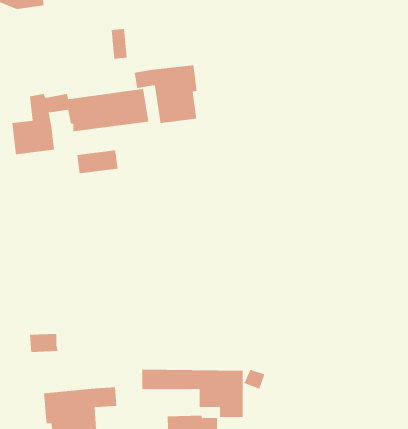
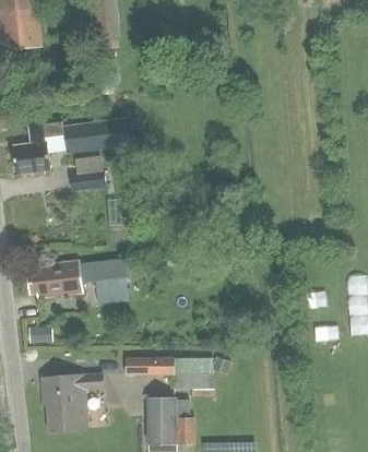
building: [134,64,197,124] -> none
building: none -> [27,259,129,301]

